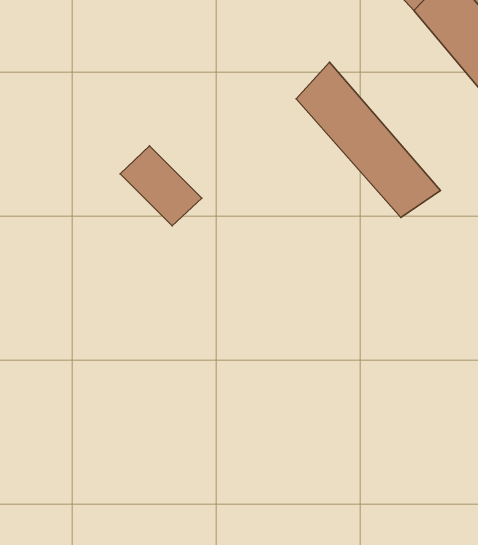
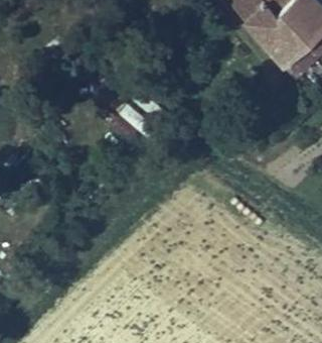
building: [296,62,440,218] -> none

